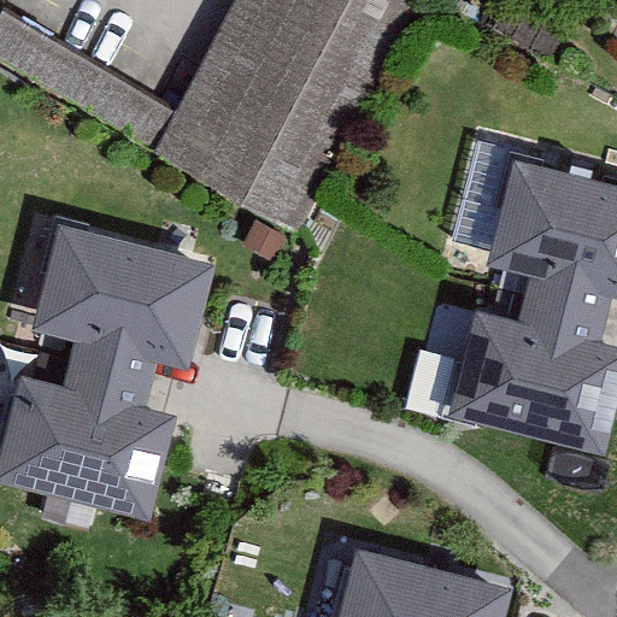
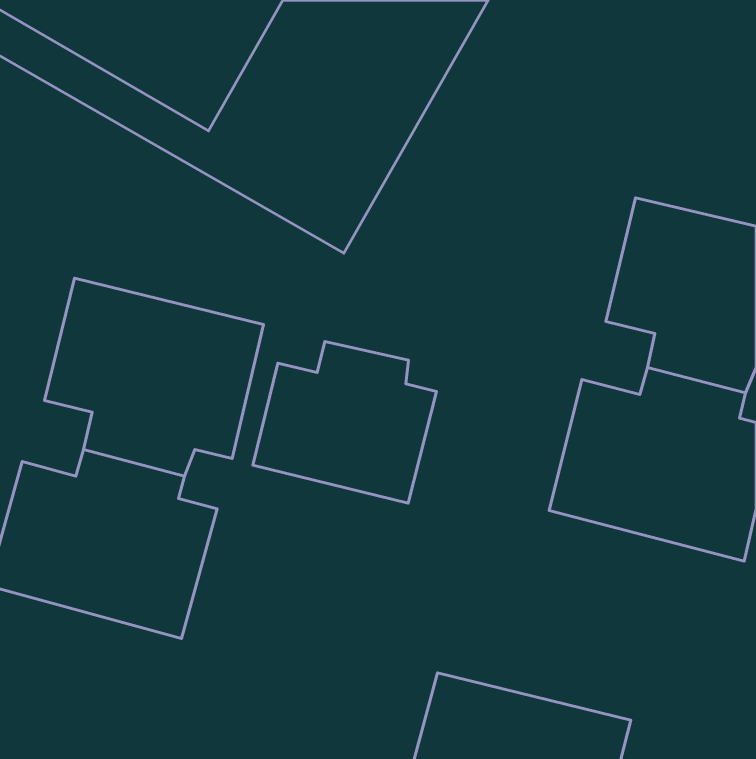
building: none -> [253,341,436,503]

